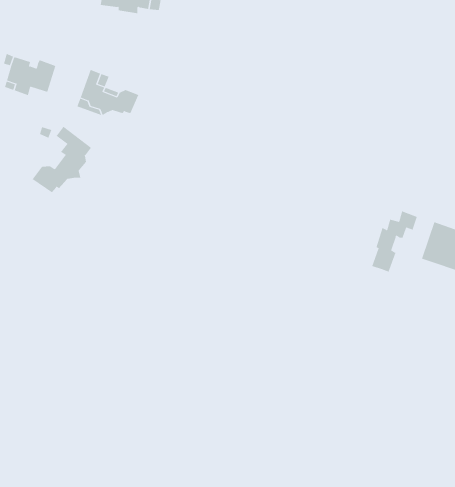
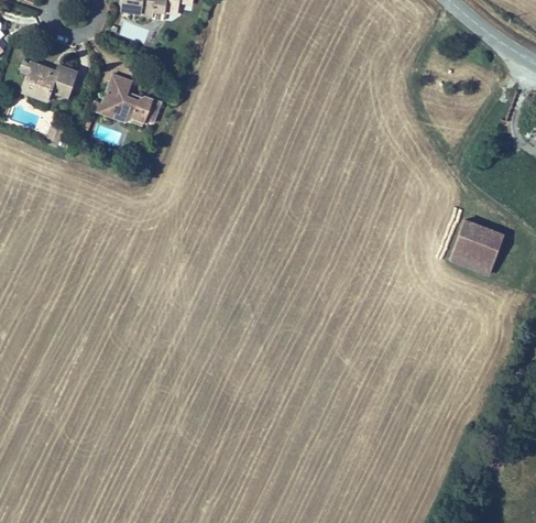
building: [32,126,92,193] -> none
building: [372,210,417,273] -> none

